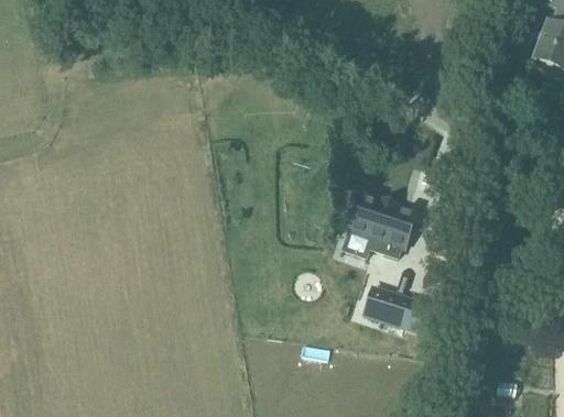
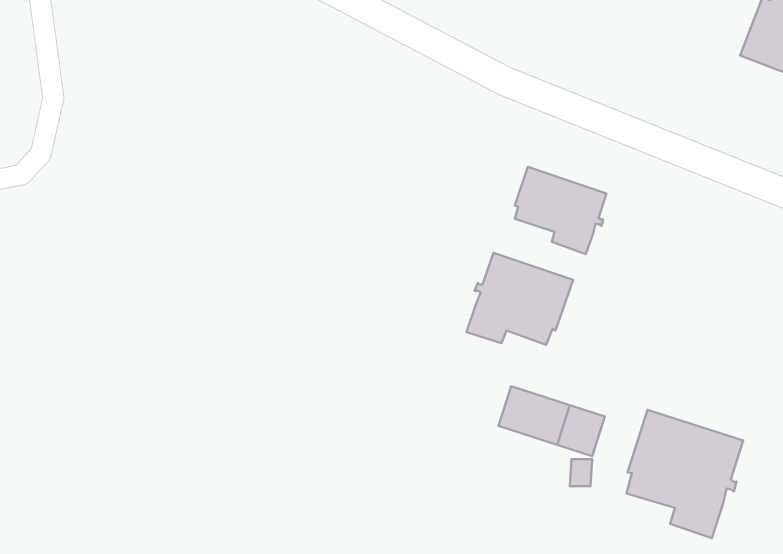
building: none -> [515,167,606,254]
building: none -> [626,410,743,538]

